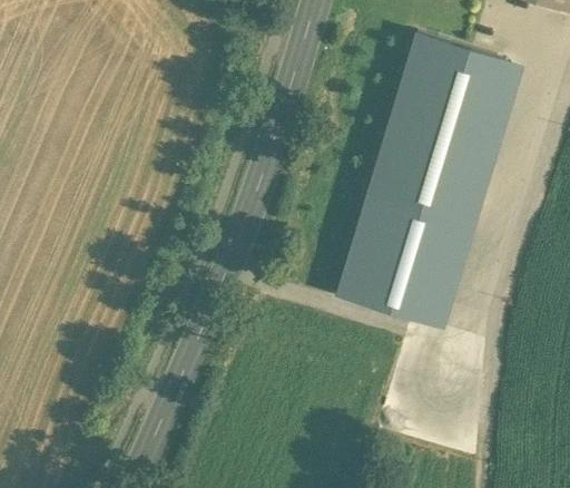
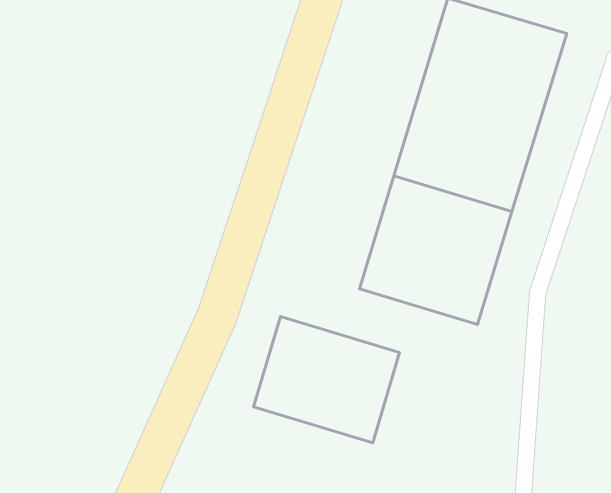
building: none -> [254,316,400,443]

